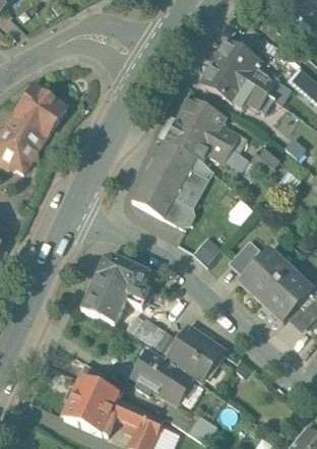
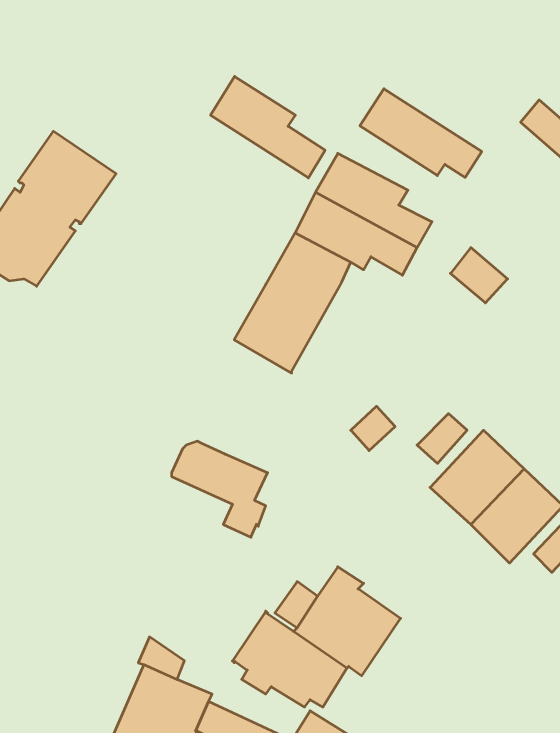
building: [214,40,277,95] -> [211,76,325,178]
building: [164,168,207,227] -> none
building: [82,274,131,324] -> none
building: [125,315,167,349] -> none

